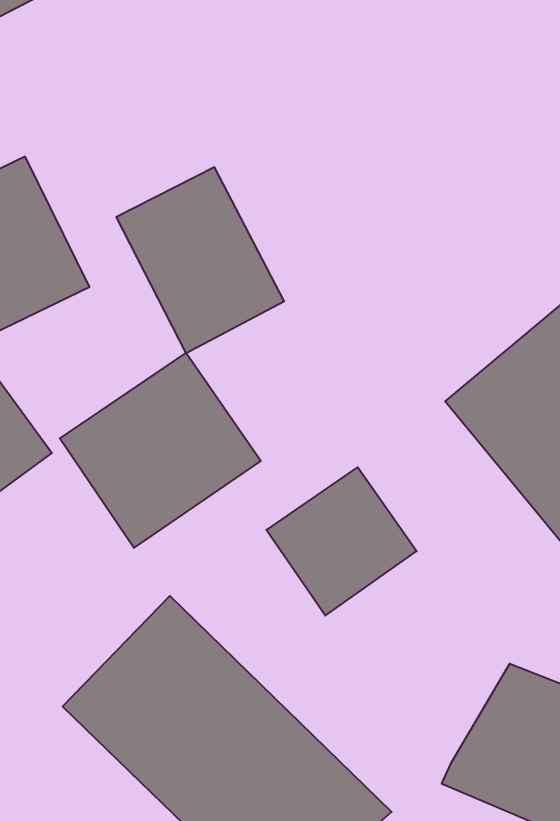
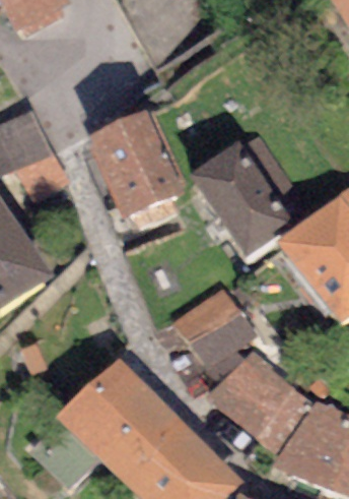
building: none -> [188,127,308,257]
building: [60,353,261,548] -> none
building: none -> [207,347,309,452]

